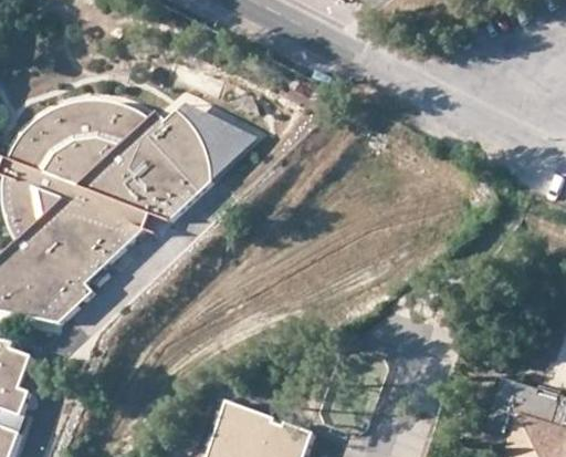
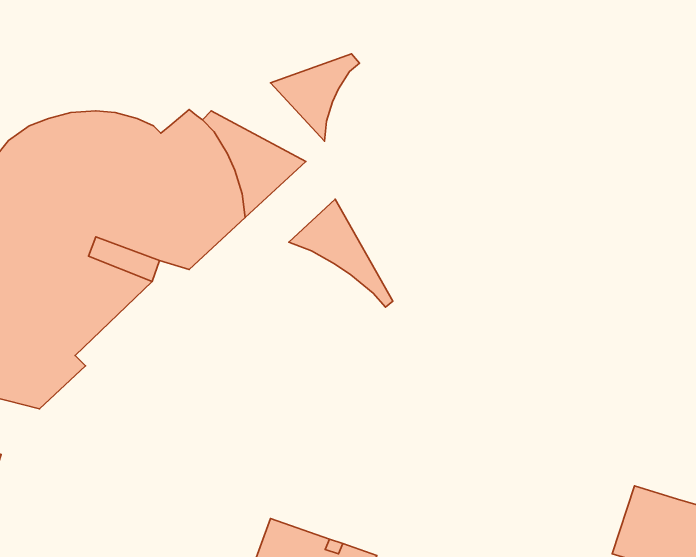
building: none -> [270,54,359,141]
building: none -> [289,199,393,307]

